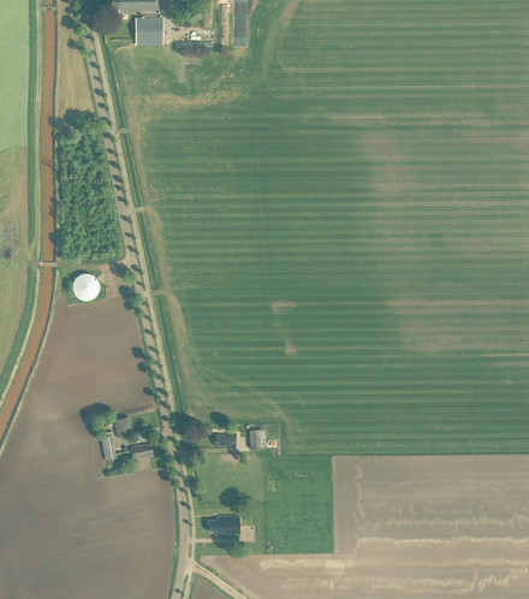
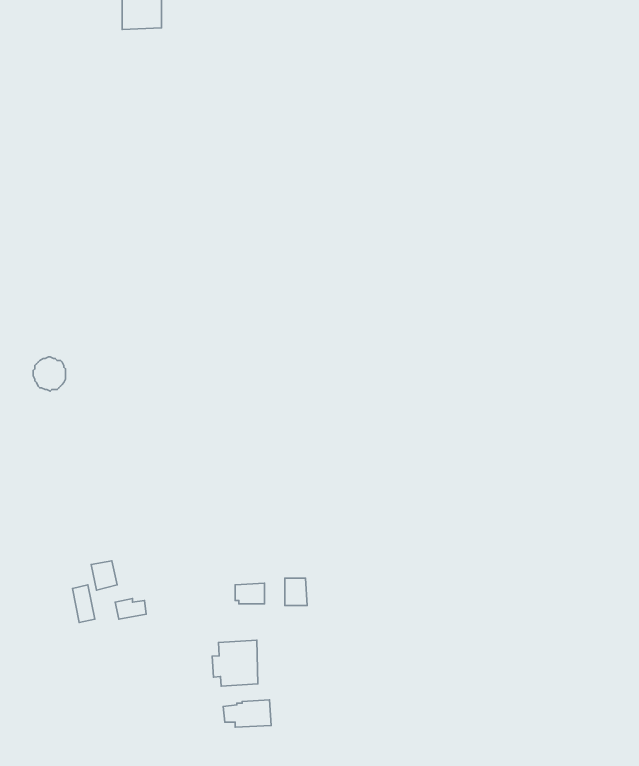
building: none -> [212,640,258,686]

